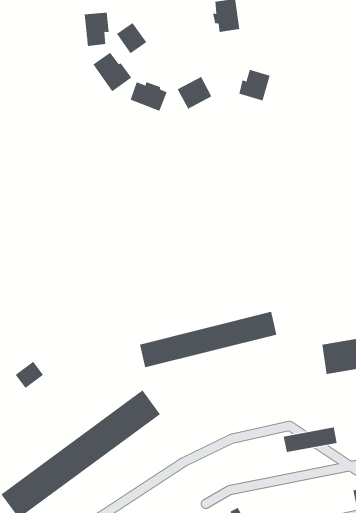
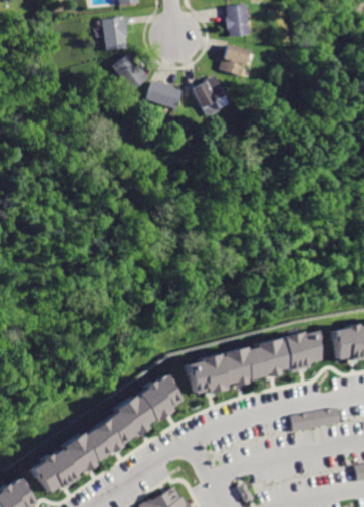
building: [116,22,147,54] -> none
building: [238,69,271,101] -> [221,48,251,78]
building: [139,311,277,368] -> [187,335,316,389]
building: [15,361,44,389] -> none

